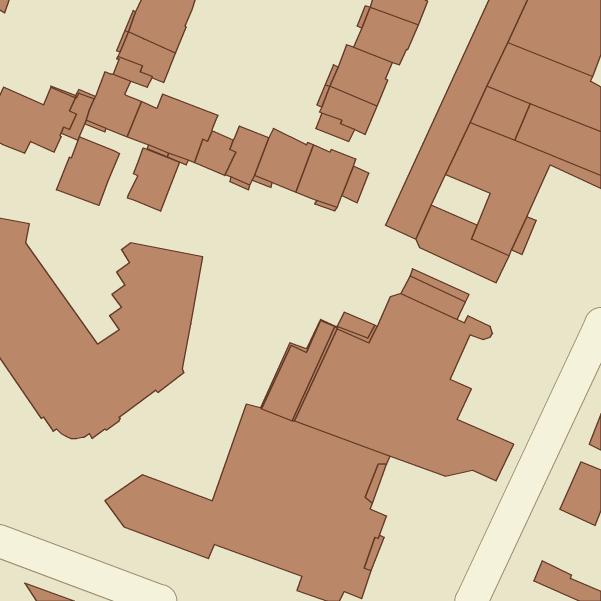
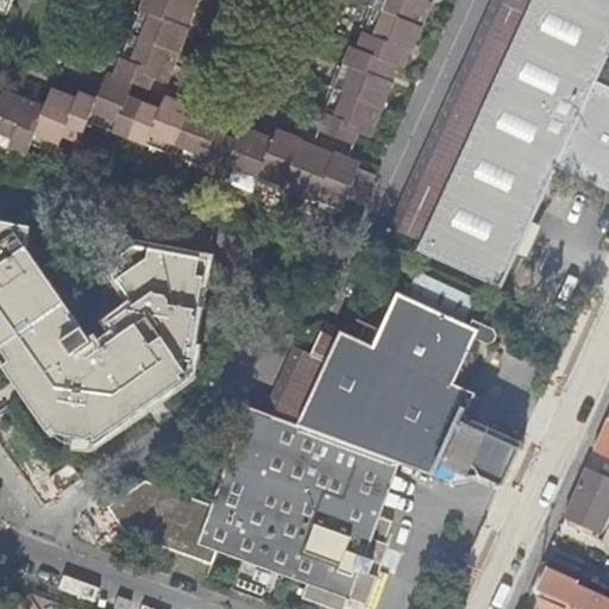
building: [56,137,120,205] -> none
building: [128,148,180,211] -> none
building: none -> [435,176,495,227]

